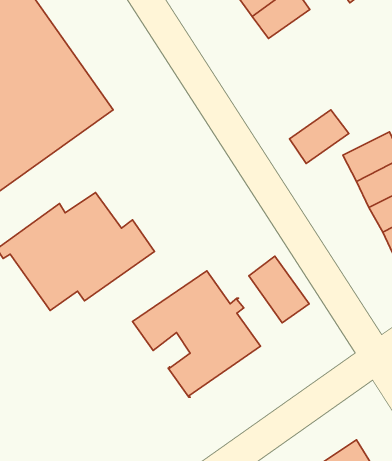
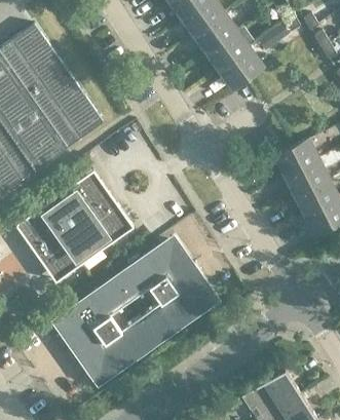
building: [290,110,349,164] -> [219,47,263,87]
building: [249,256,309,323] -> none
building: none -> [59,280,156,379]

